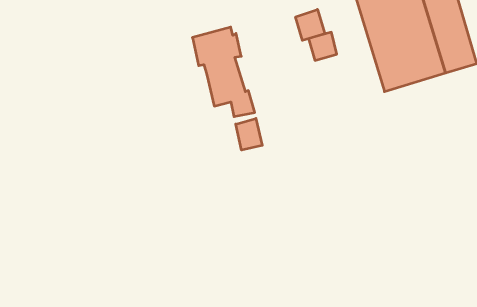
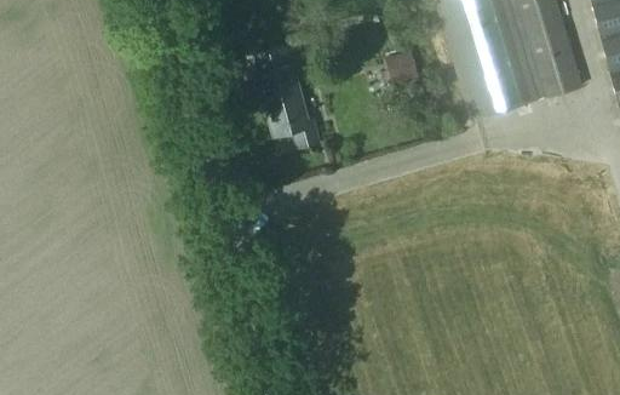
building: [296,9,325,40] -> none
building: [236,118,262,150] -> none

